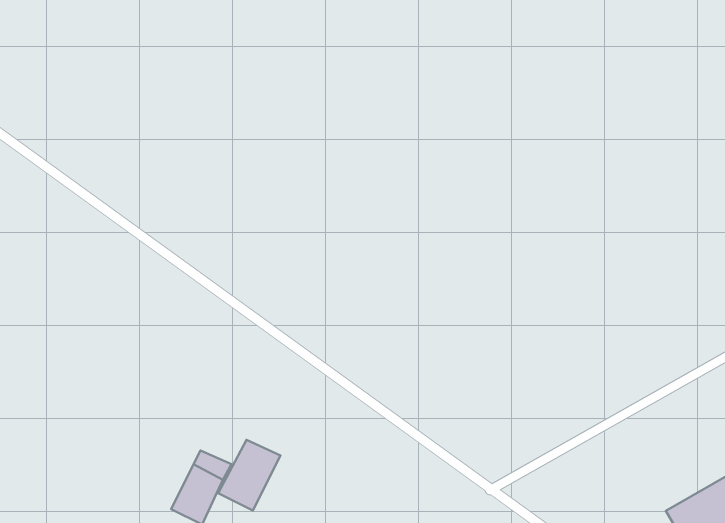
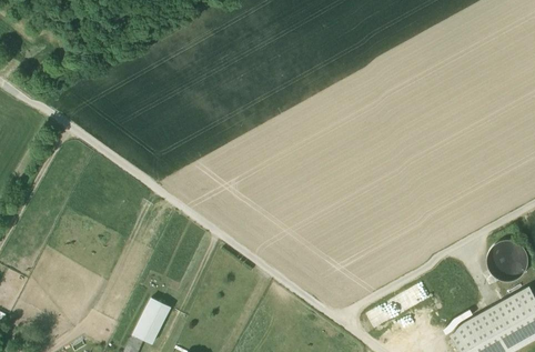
building: [218,440,280,511] -> none

